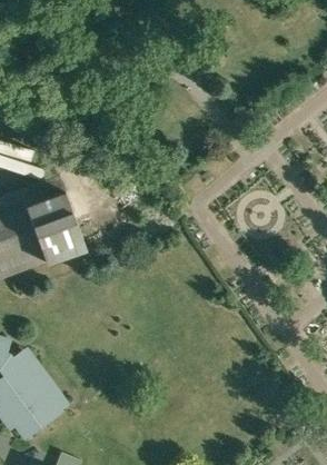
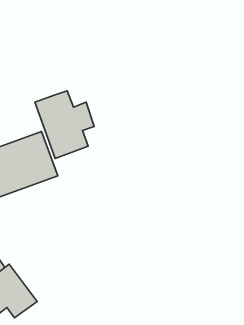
building: none -> [35,91,94,159]

